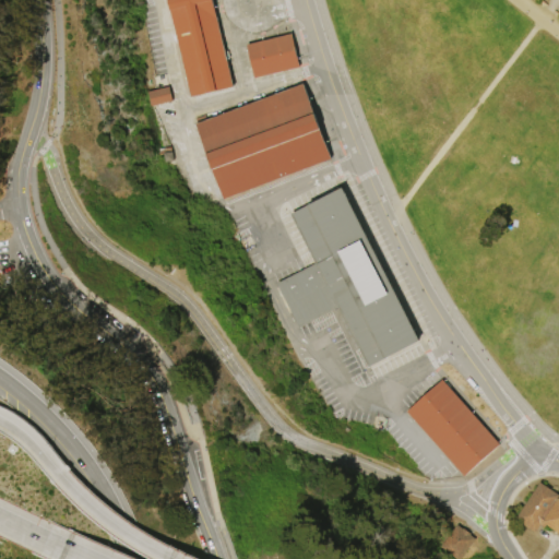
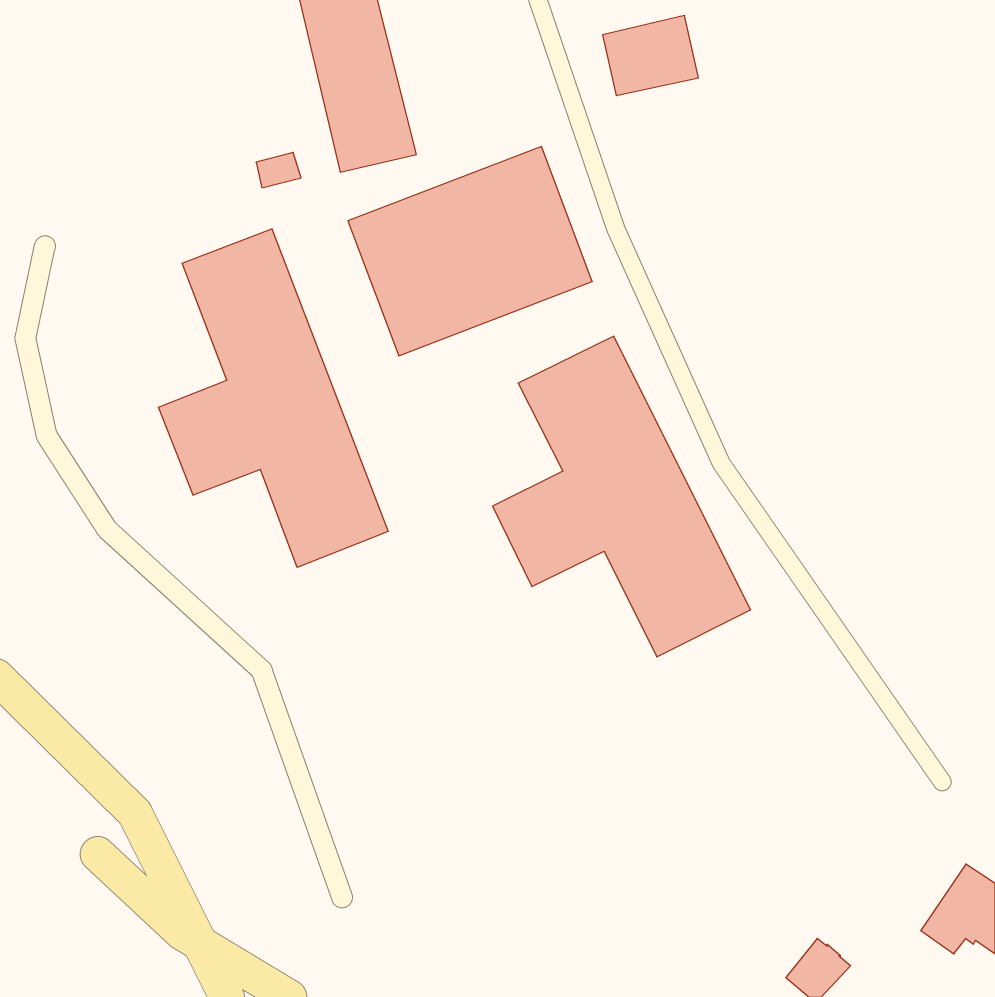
building: [246,33,299,78] -> [603,15,698,96]
building: none -> [158,229,388,567]
building: [403,379,497,476] -> none

